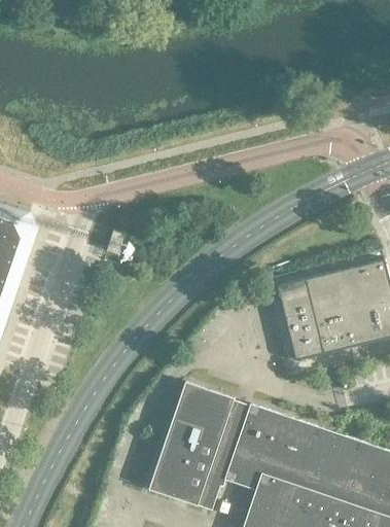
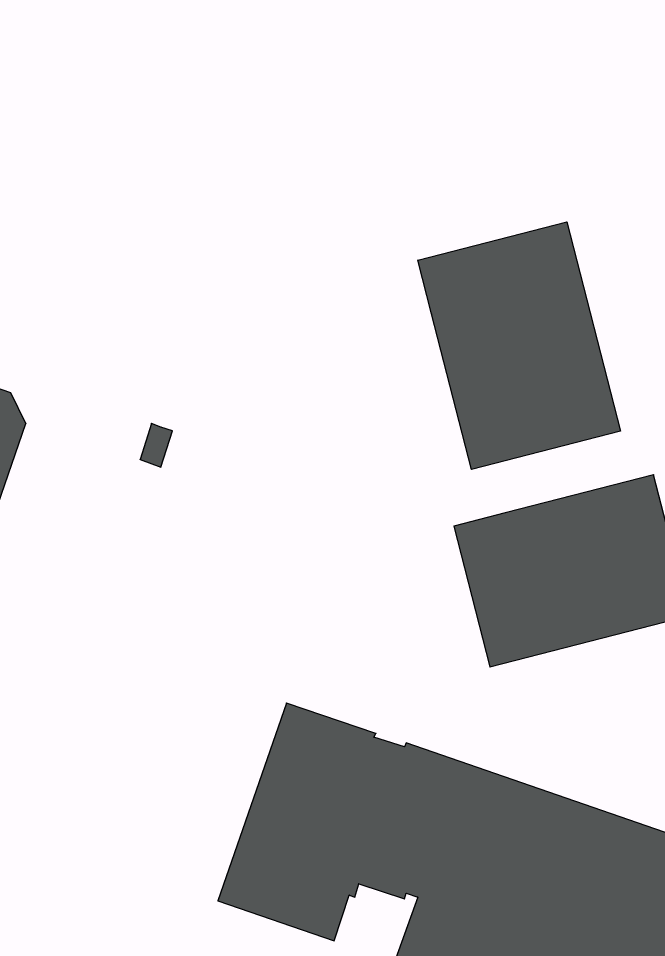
building: none -> [418,222,620,469]

